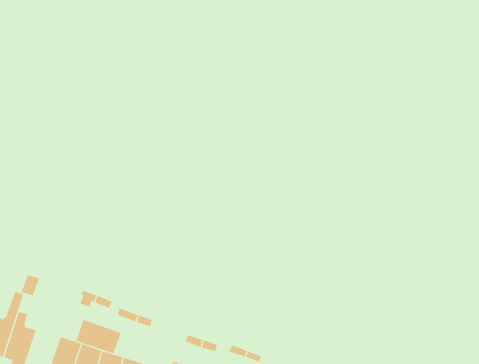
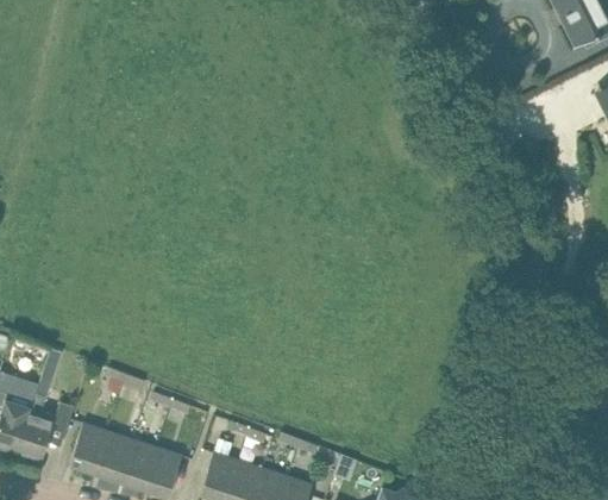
building: [75,319,121,354] -> none

